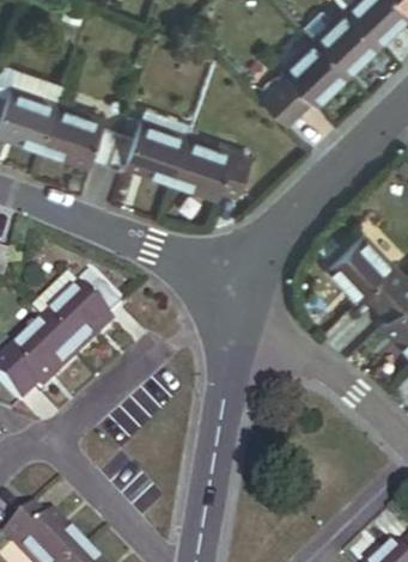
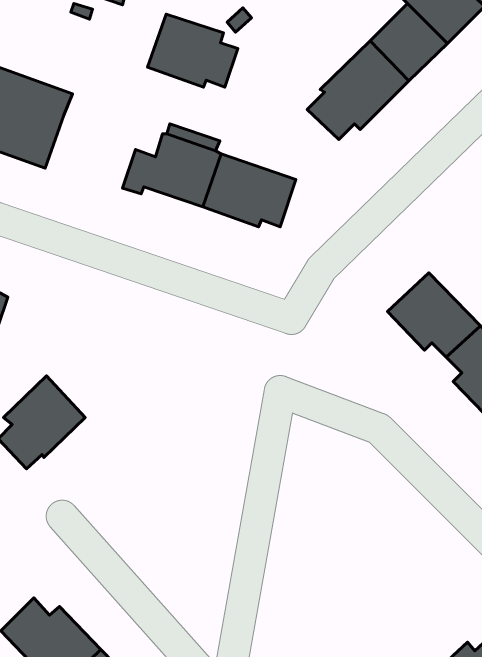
building: [39,105,115,166] -> [148,14,238,87]
building: [30,276,120,358] -> none

